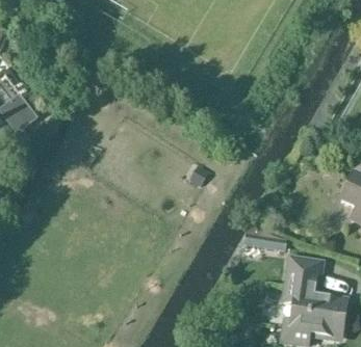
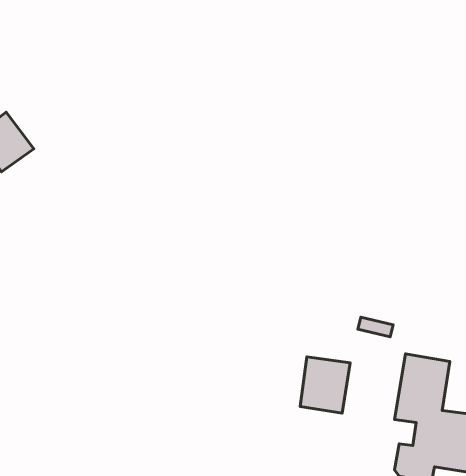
building: none -> [300,357,350,413]

